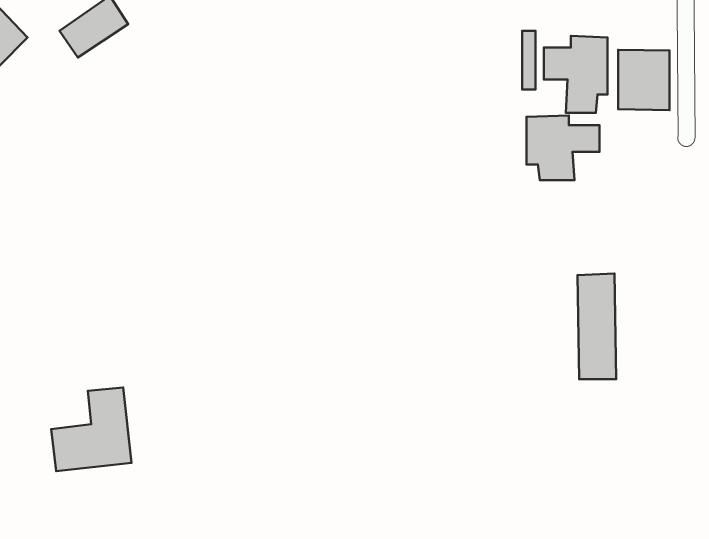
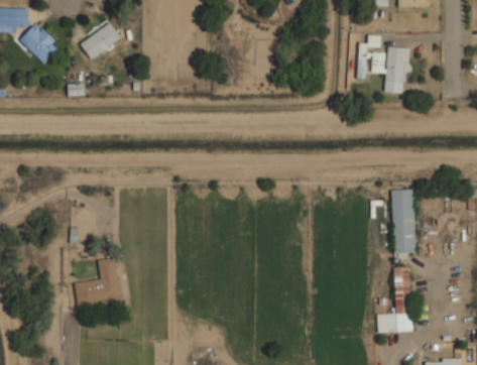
building: [618,50,669,110] -> none
building: [526,115,599,180] -> none
building: none -> [376,265,411,332]

